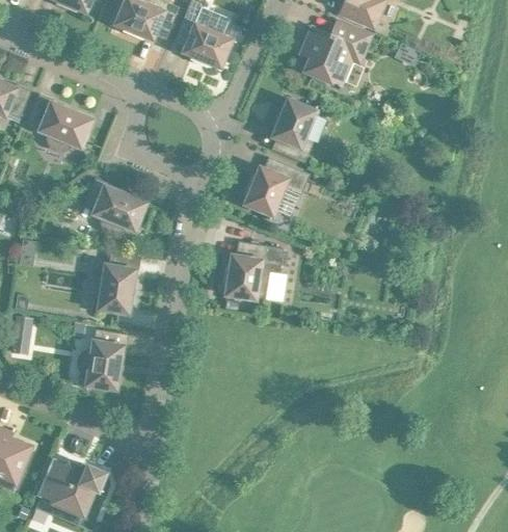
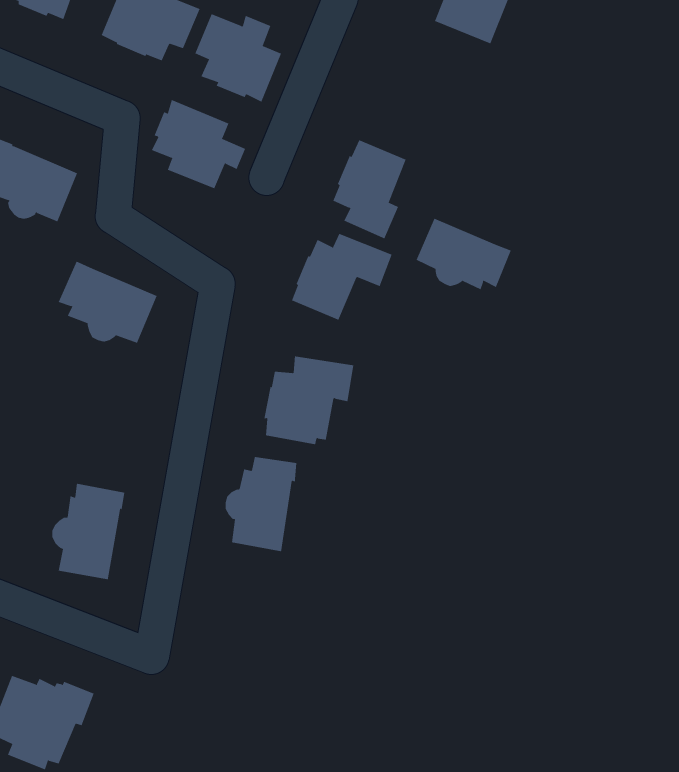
building: [297,17,374,89] -> none
building: none -> [151,99,246,189]
building: none -> [416,218,511,290]
building: [90,254,139,318] -> [225,457,297,552]

